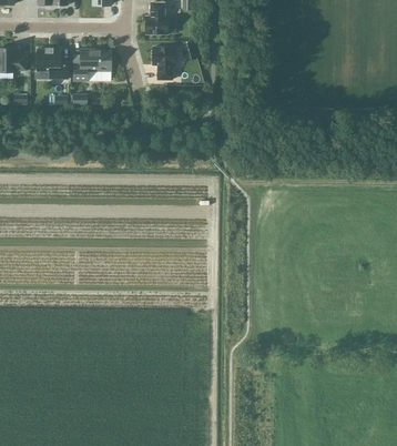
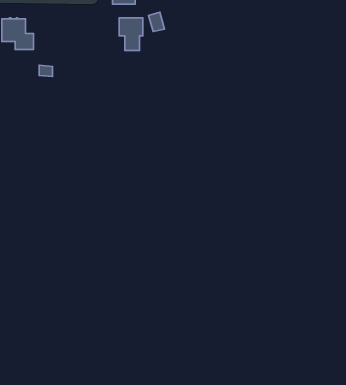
building: [73,49,111,80] -> none

